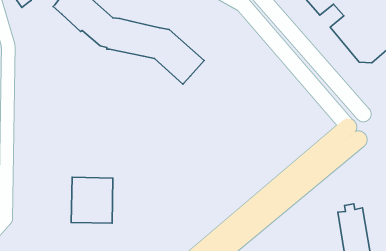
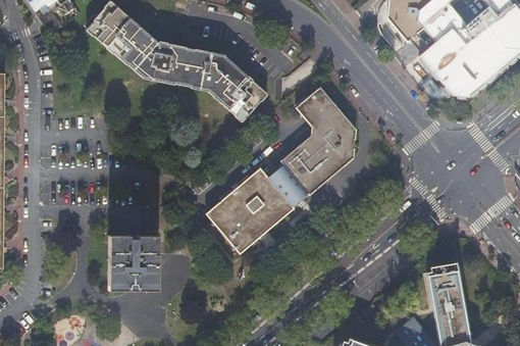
building: none -> [204,90,353,256]

